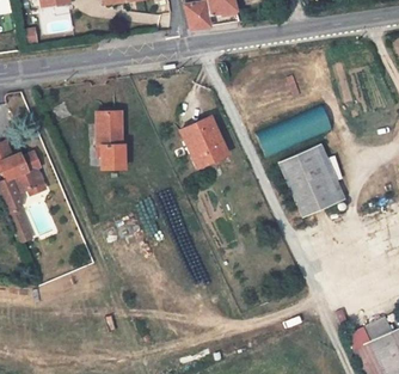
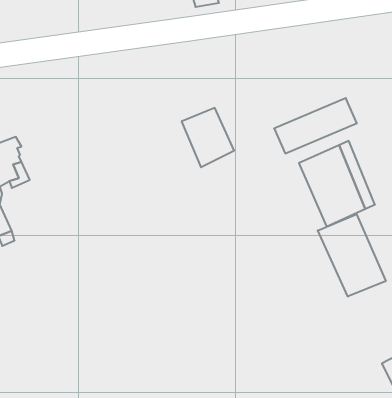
building: [92,112,121,168] -> none
building: none -> [318,214,386,297]

